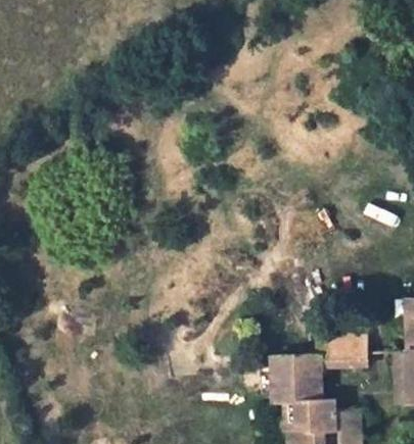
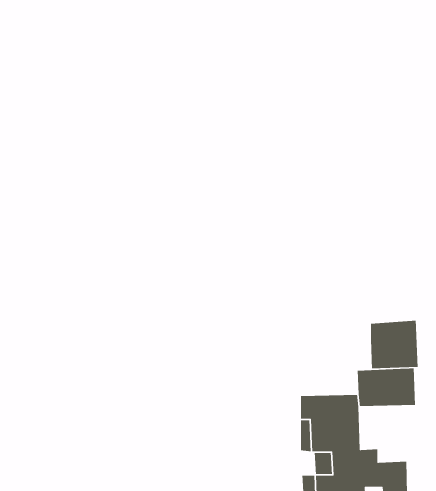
building: none -> [370,320,419,369]

